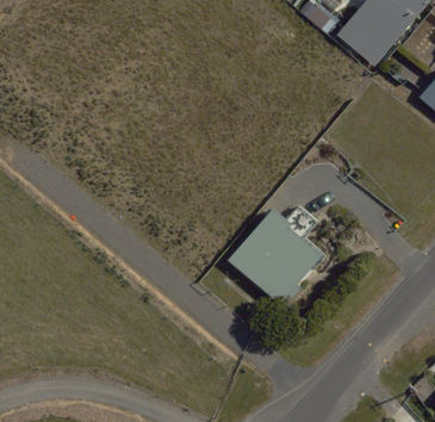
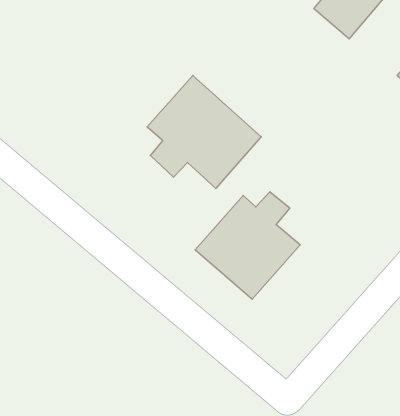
building: none -> [147,76,261,188]

